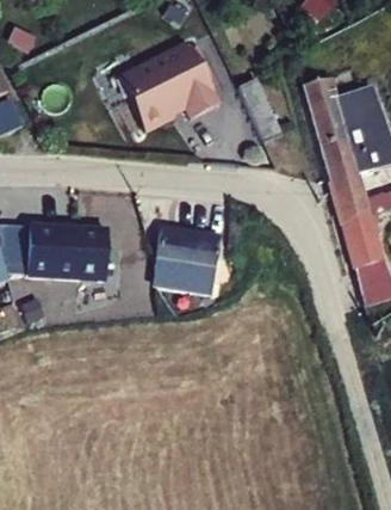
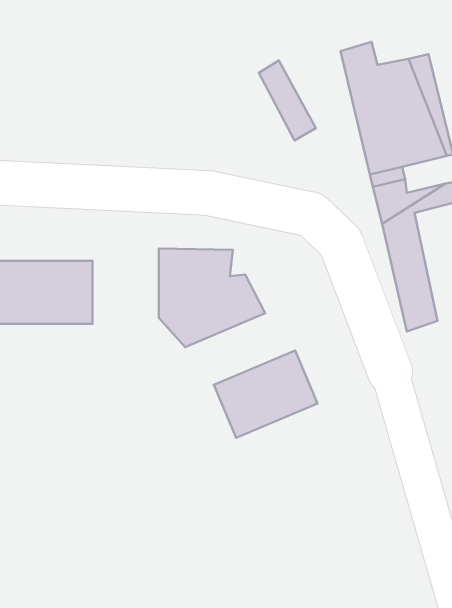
building: [123,42,223,130] -> none
building: none -> [214,350,318,438]

